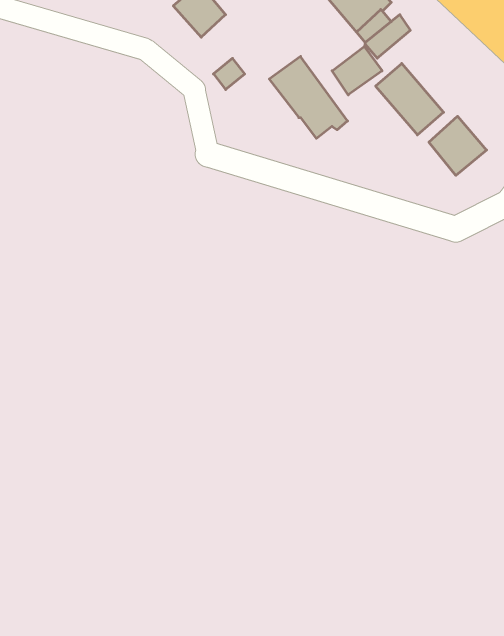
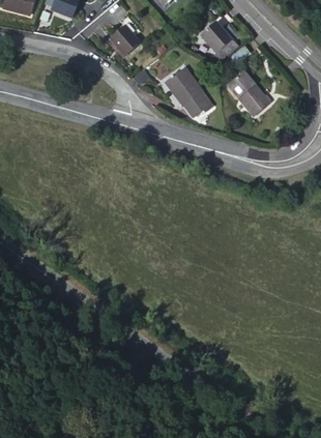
building: [332,46,382,95] -> none
building: [429,116,487,175] -> none

